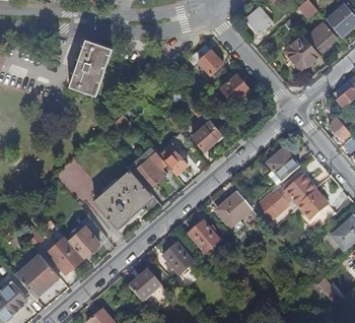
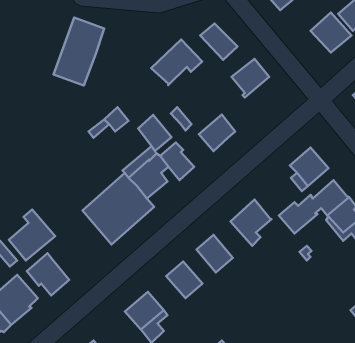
building: none -> [151,39,202,85]
building: none -> [138,115,171,151]
building: [68,215,106,258] -> [9,210,55,261]

